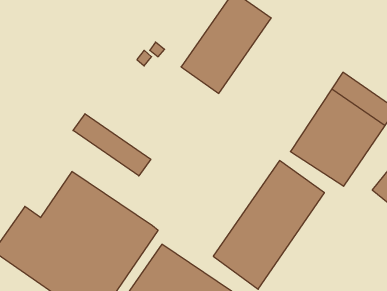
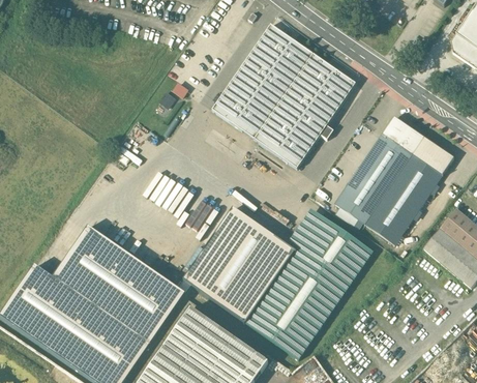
building: none -> [252,53,354,167]
building: [73,114,151,176] -> none
building: none -> [178,206,321,321]

